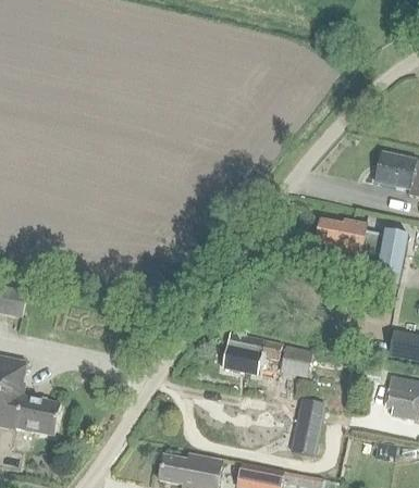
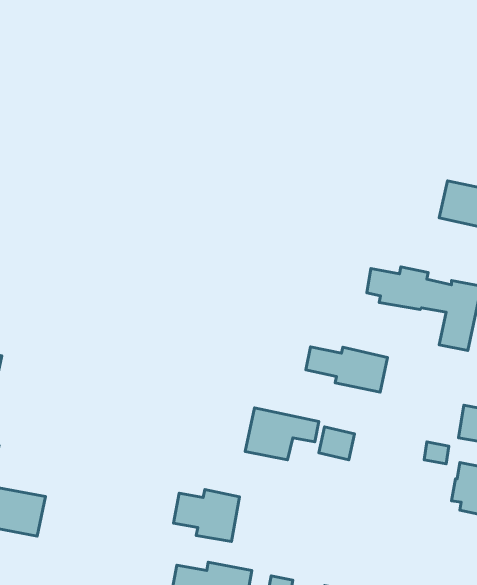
building: none -> [306,347,388,392]
building: none -> [174,489,239,542]
building: [291,398,323,454] -> none

